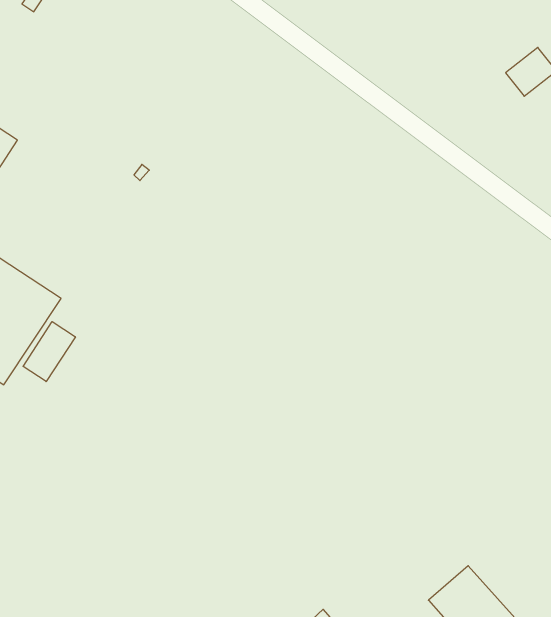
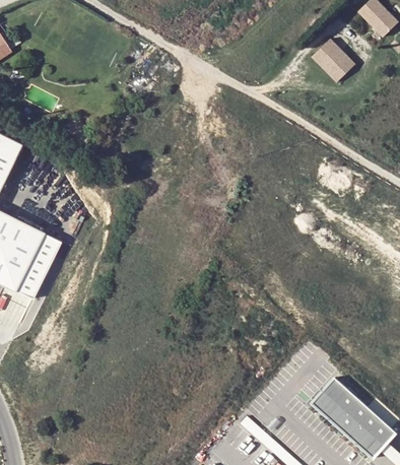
building: none -> [311,39,341,69]
building: [23,322,75,382] -> none

